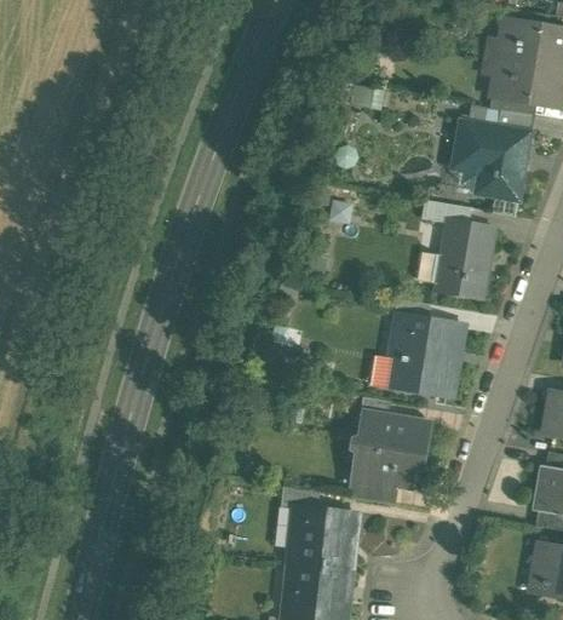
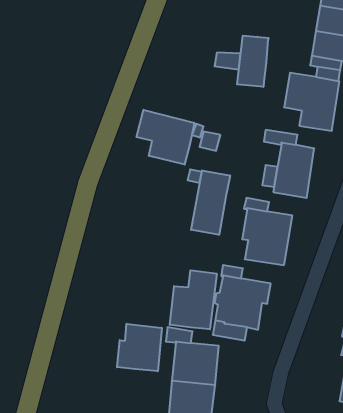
building: none -> [237,36,269,87]
building: none -> [136,110,195,165]
building: none -> [191,170,230,235]
building: none -> [170,270,217,329]
building: none -> [117,324,162,371]

